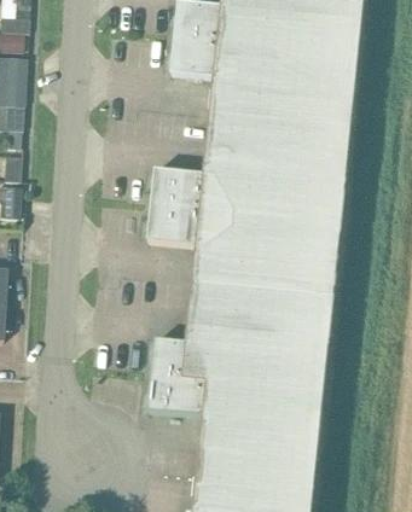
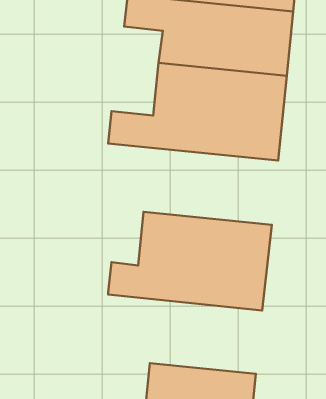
building: [149,204,346,296] -> none
building: [150,374,327,464] -> none

